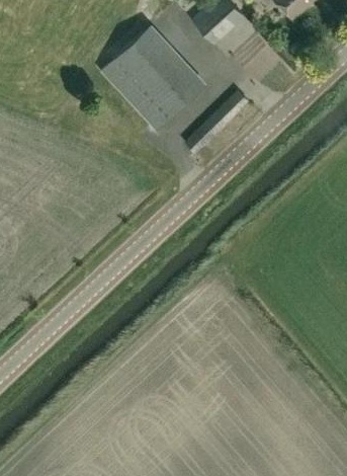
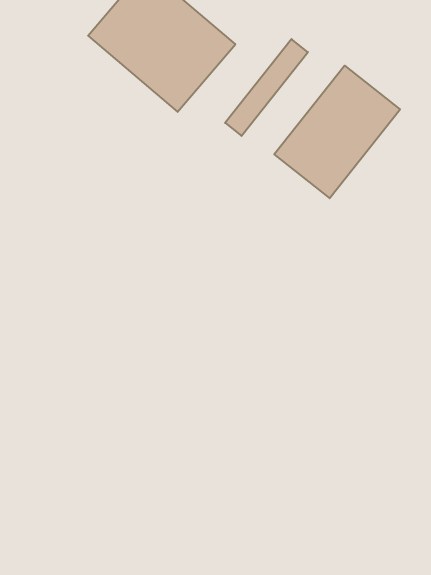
building: none -> [274,66,400,198]

